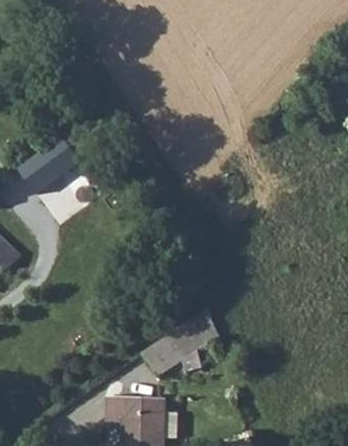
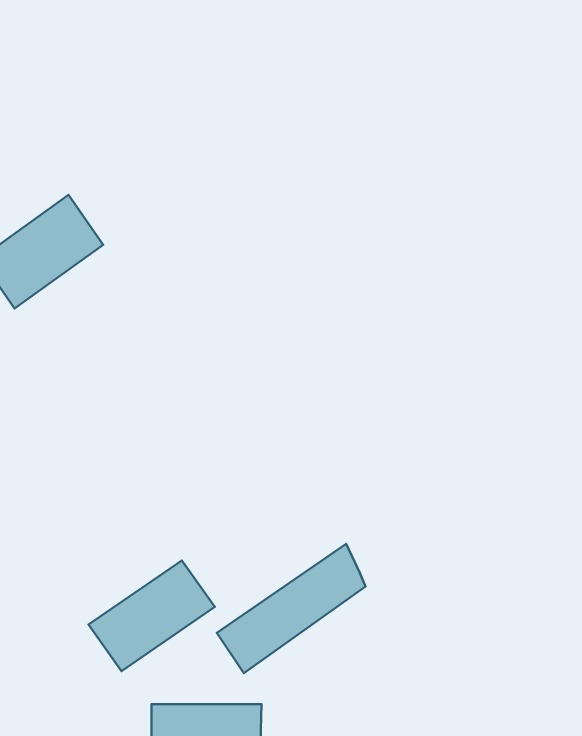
building: none -> [88,560,215,671]

